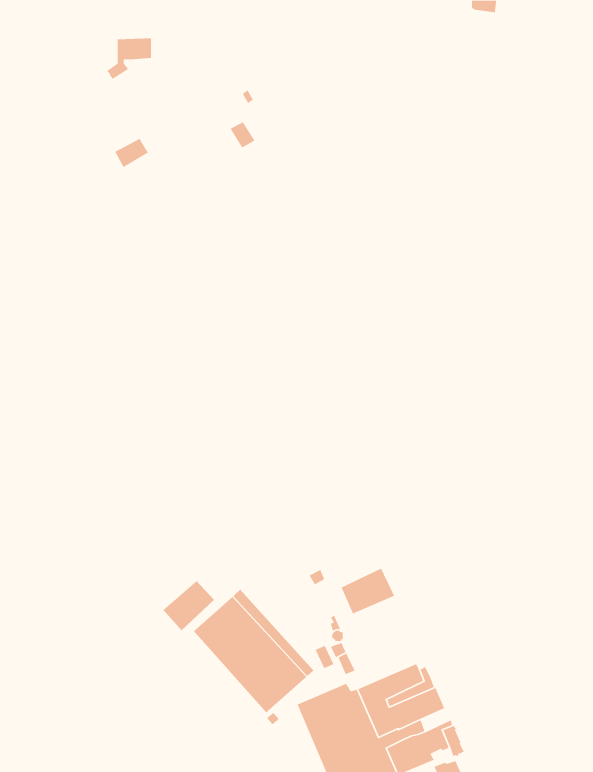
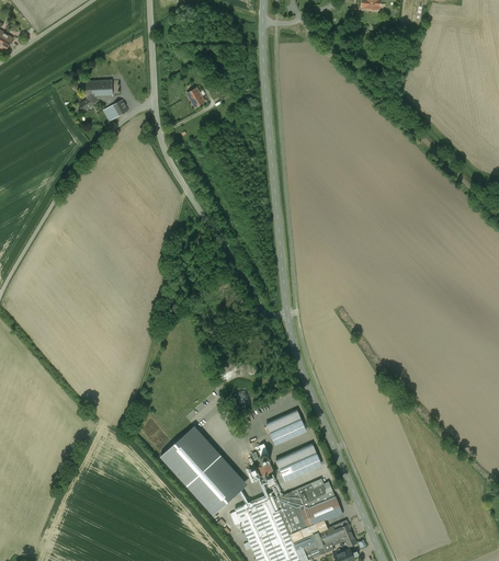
building: [106,37,152,80] -> [79,80,112,111]
building: [163,580,215,631] -> none
building: none -> [275,444,321,480]

